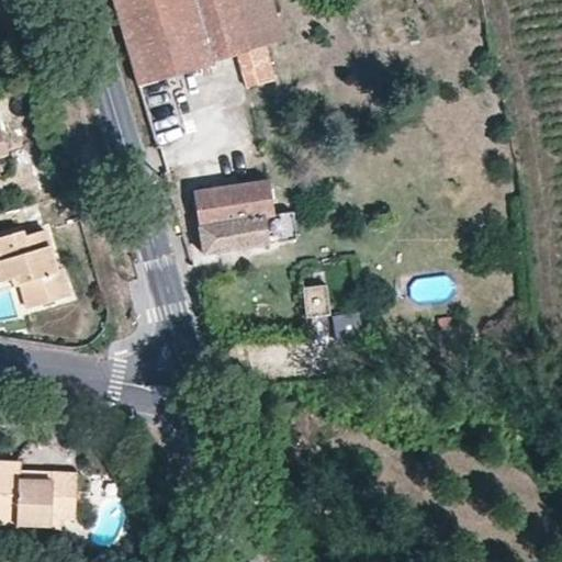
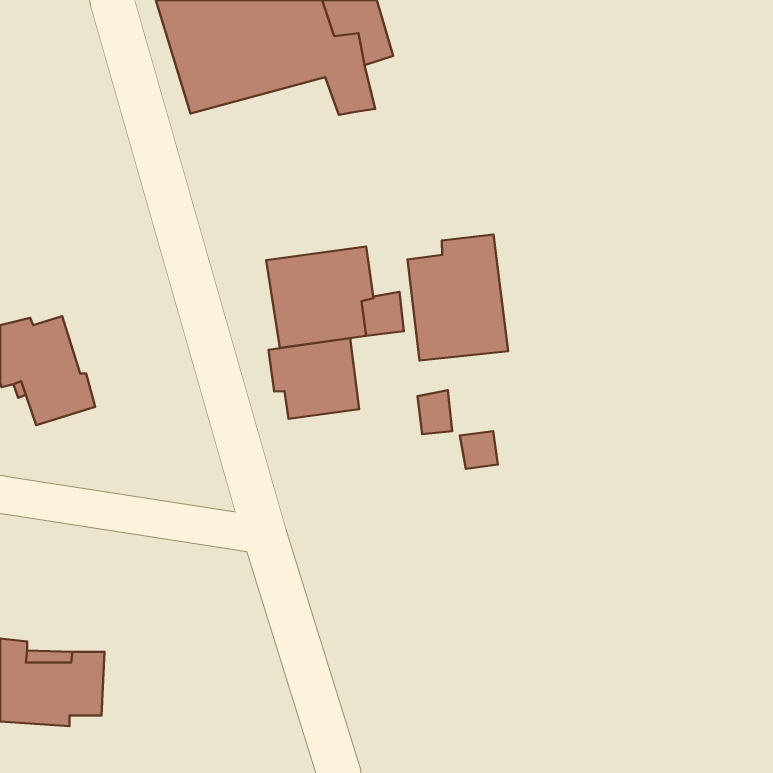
building: none -> [407,235,508,360]
building: none -> [269,338,359,419]

